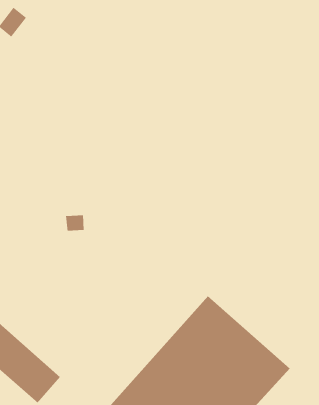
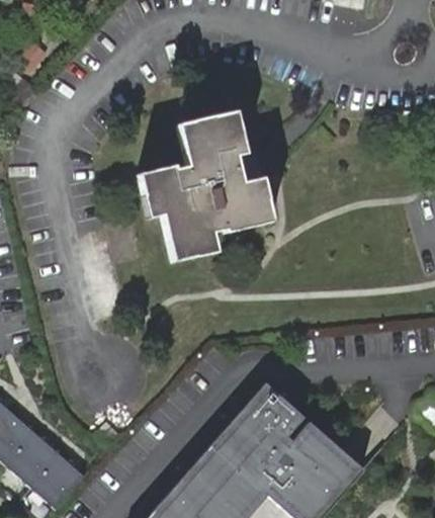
building: none -> [141,115,279,265]

